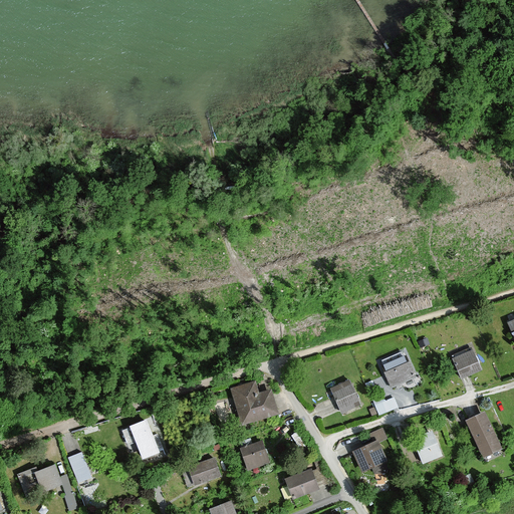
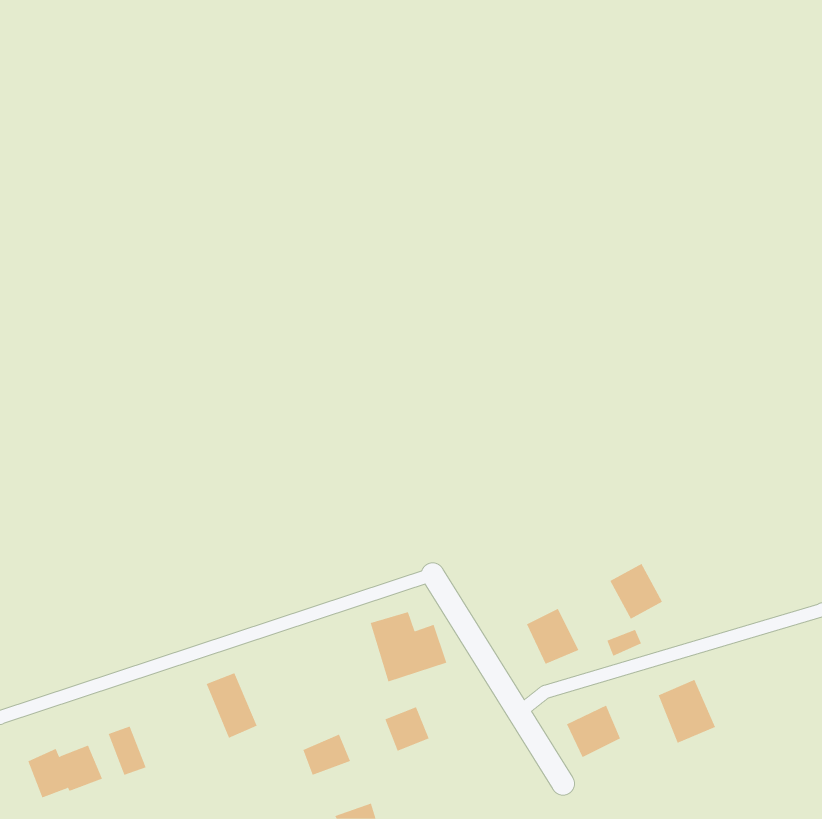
building: [452,347,482,377] -> none
building: [465,413,501,458] -> none
building: [284,469,318,499] -> none

